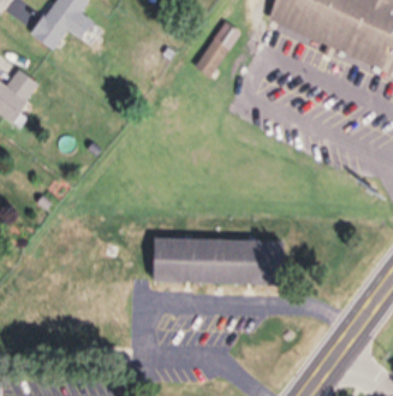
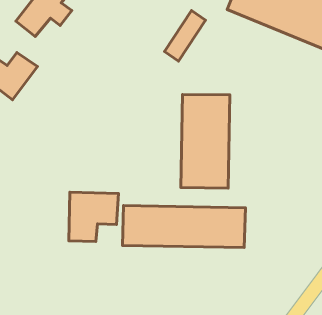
building: none -> [181,94,230,188]
building: none -> [69,192,119,241]

